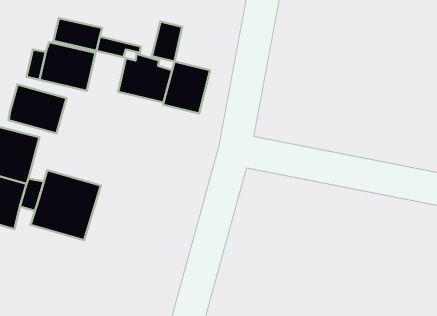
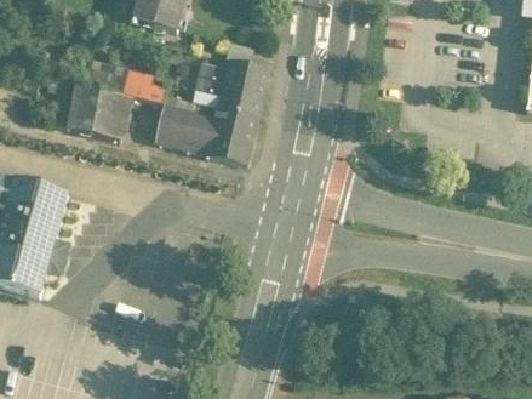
building: none -> [219,59,270,116]
building: [9,85,66,133] -> none
building: [31,170,101,240] -> none

